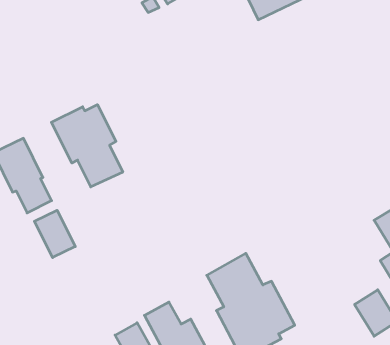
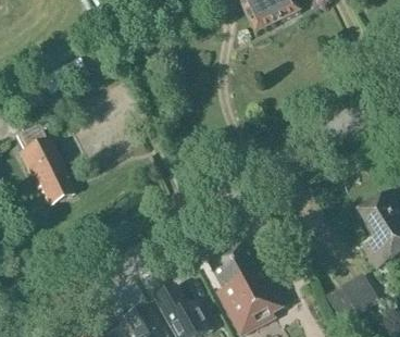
building: [51,105,123,187] -> none
building: [34,210,75,258] -> none

